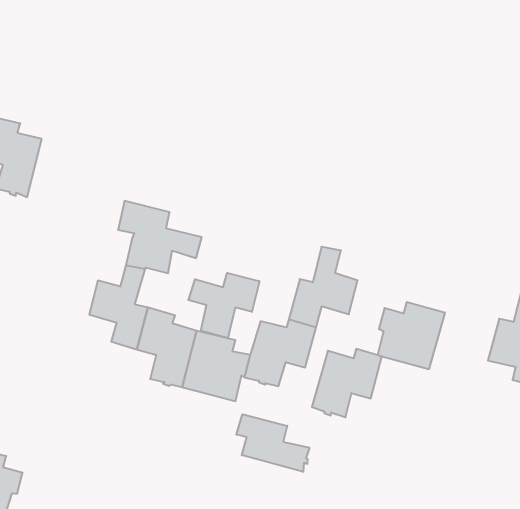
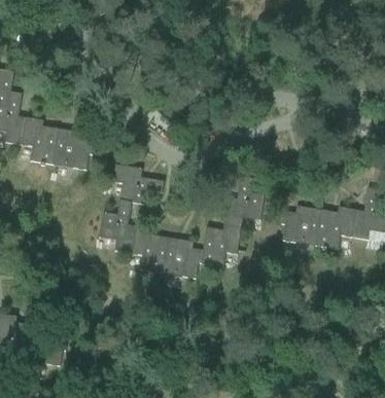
building: none -> [54,128,96,169]
building: [188,273,259,338] -> none
building: [312,349,382,417] -> [315,206,355,249]
building: [236,414,309,472] -> none

